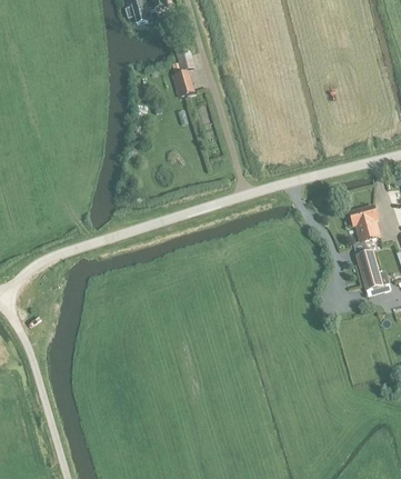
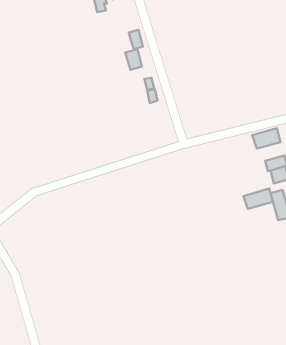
building: none -> [252,128,281,149]
building: none -> [244,189,273,209]

